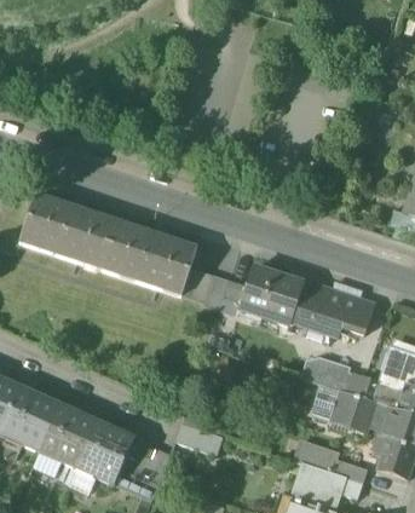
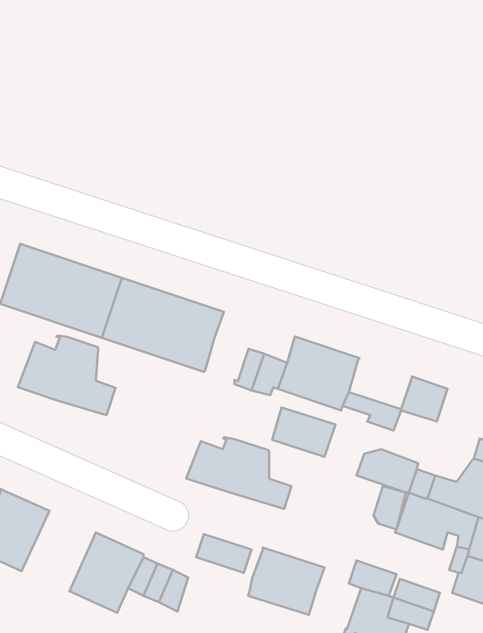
building: none -> [18,335,116,415]
building: [181,267,215,301] -> none
building: [294,284,344,323] -> [272,408,335,457]
building: none -> [186,437,291,509]
building: [38,403,96,466] -> none
building: none -> [248,547,325,615]

